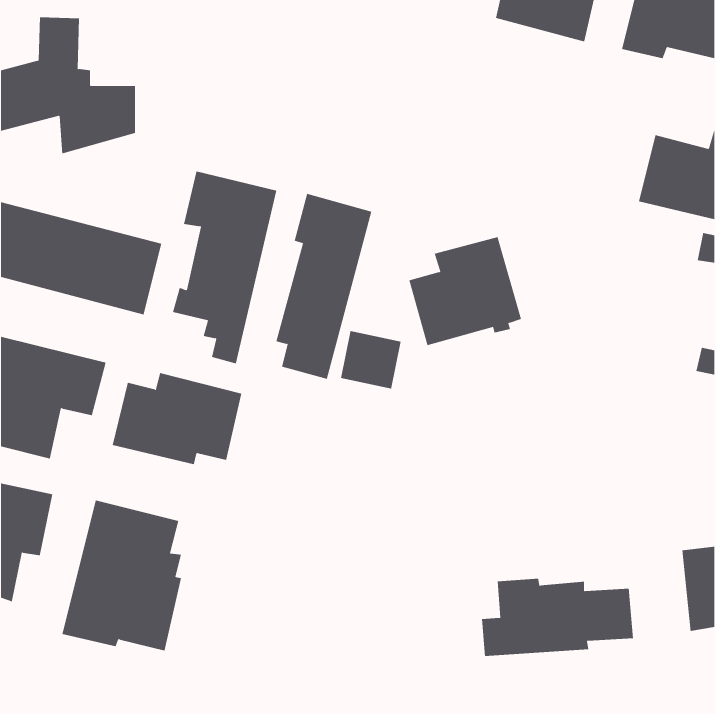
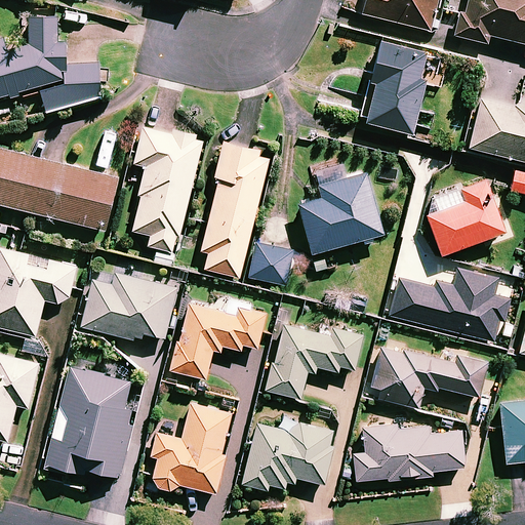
building: none -> [364,42,426,134]
building: none -> [426,179,503,255]
building: none -> [389,267,510,342]
building: none -> [172,302,267,379]
building: none -> [266,324,362,398]
building: none -> [367,345,486,407]
building: none -> [148,403,232,493]
building: none -> [242,417,336,489]

